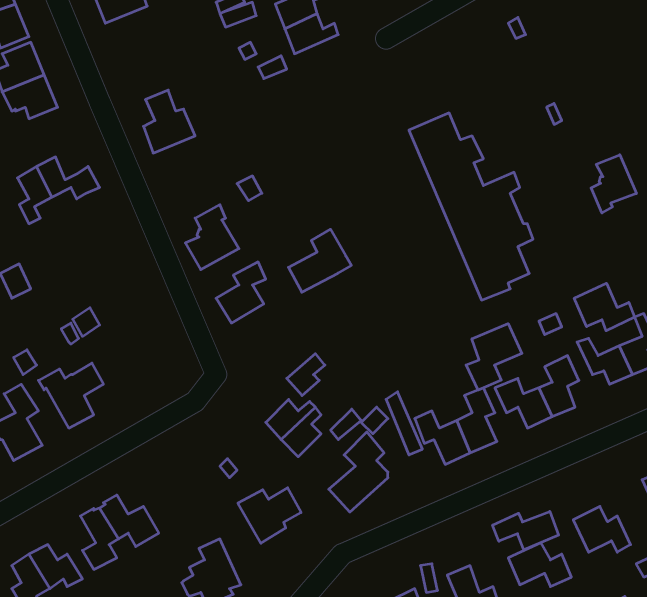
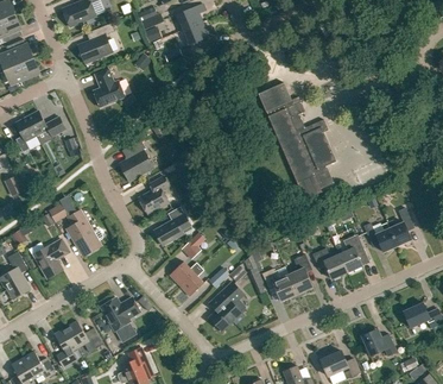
building: none -> [78,23,114,63]
building: [591,155,636,213] -> none
building: [288,229,351,292] -> [154,206,194,245]
building: [574,283,634,331] -> none
building: none -> [68,209,103,253]
building: [466,324,522,390] -> none
building: [238,488,301,543] -> [101,296,140,331]
building: [493,511,559,550] -> none

